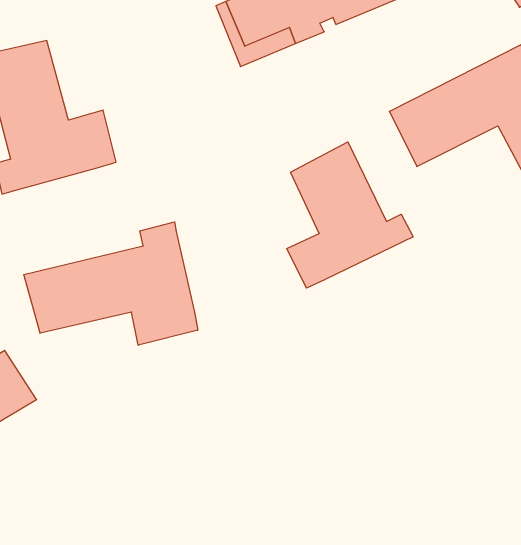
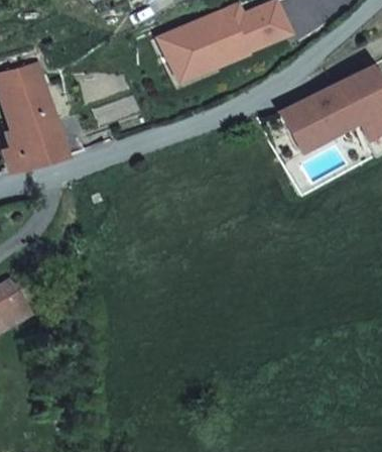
building: [287,142,413,288] -> none
building: [24,222,198,345] -> none

